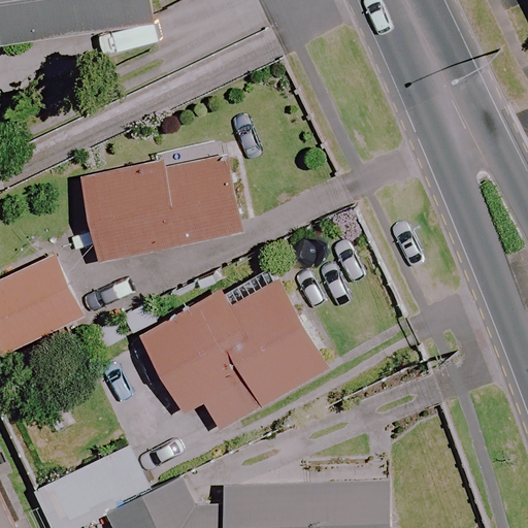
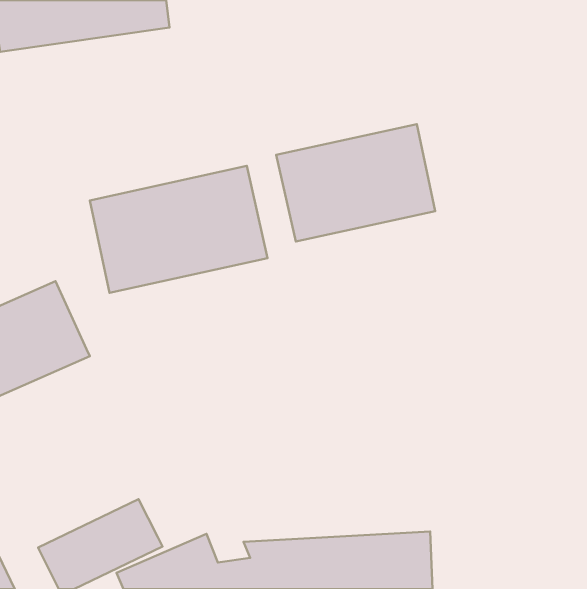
building: none -> [276,124,435,241]
building: [142,282,323,428] -> none

